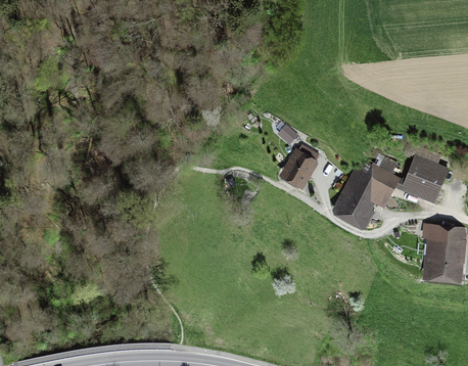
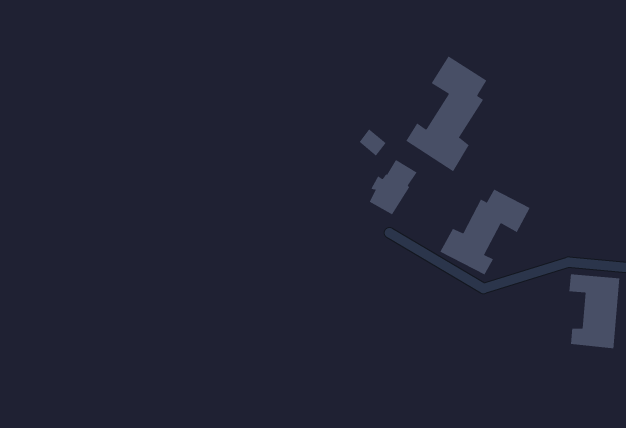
building: none -> [406,55,487,172]
building: [402,157,447,201] -> none

